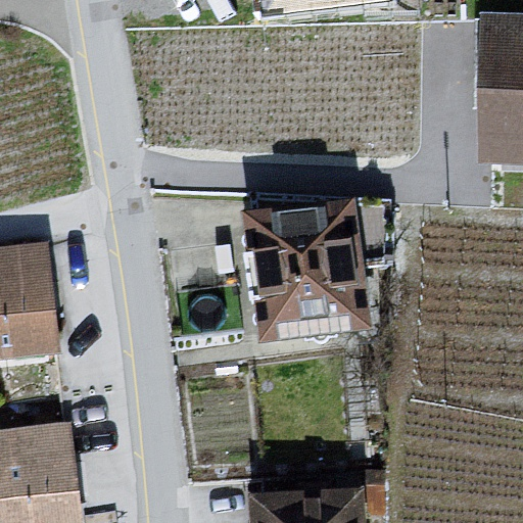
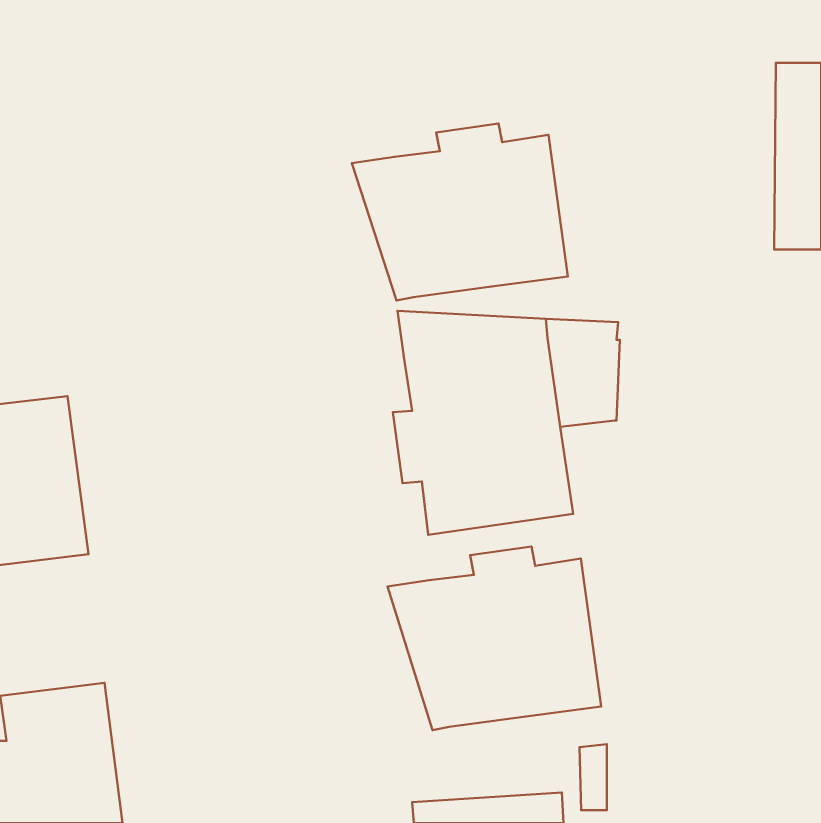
building: none -> [352,124,568,301]
building: none -> [387,546,601,730]

